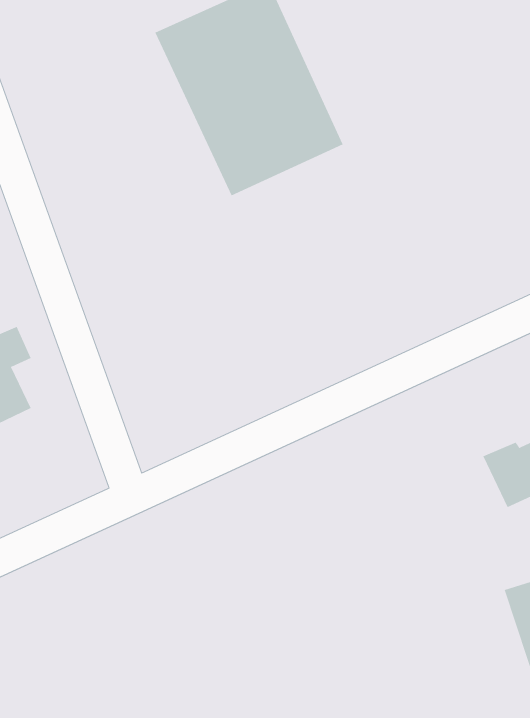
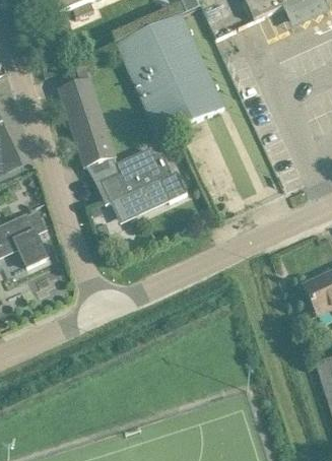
building: none -> [58,77,115,164]
building: none -> [99,147,187,212]

